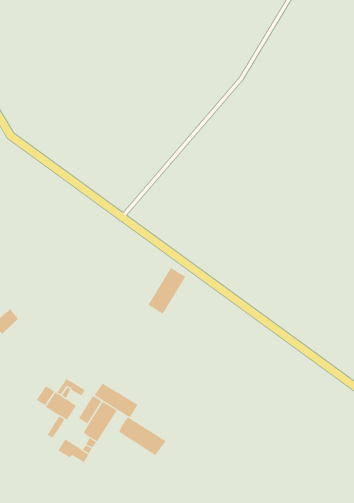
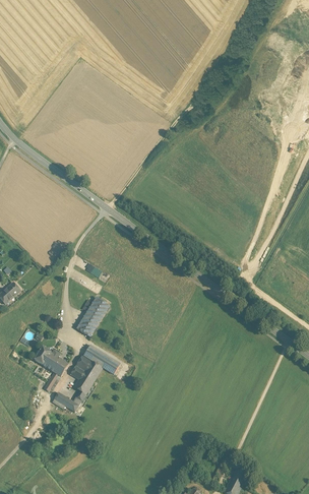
building: [148,267,186,314] -> [75,298,108,337]
building: [119,417,166,456] -> none

